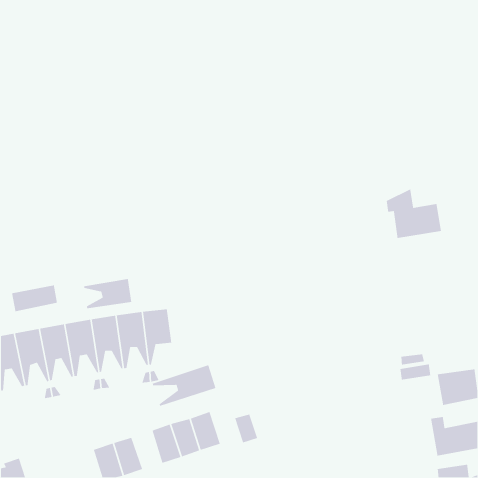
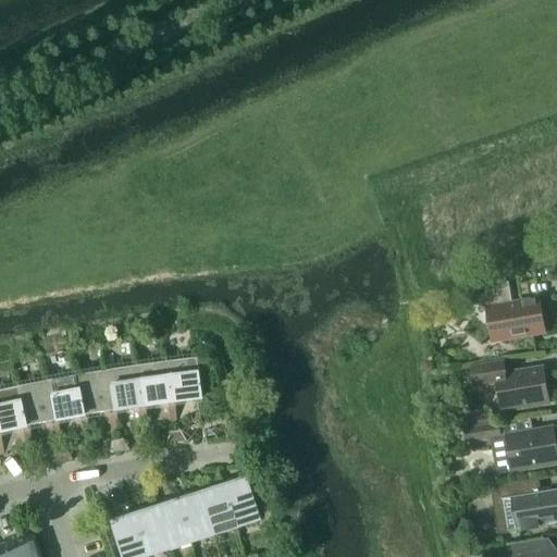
building: [386,188,442,239] -> [480,282,545,341]
building: [83,278,132,309] -> none
building: [11,284,58,312] -> none
building: none -> [472,359,548,410]
building: [152,364,217,407] -> none
building: [234,413,258,443] -> none
building: none -> [153,499,188,545]

